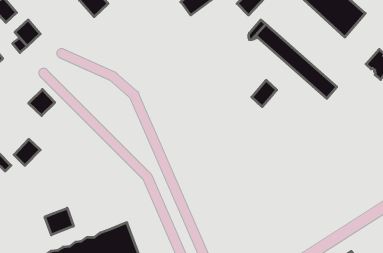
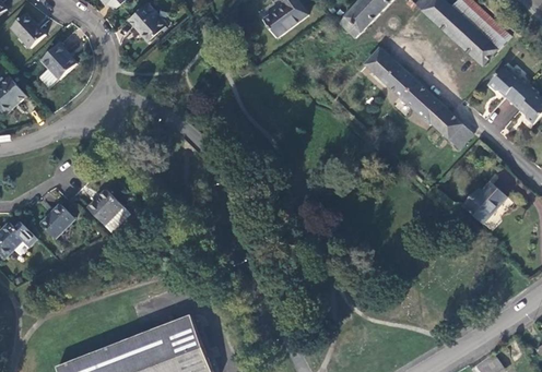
building: none -> [488,64,529,101]
building: [252,80,277,107] -> none
building: [29,89,55,116] -> [87,188,122,223]
building: none -> [463,181,511,227]
building: [45,208,73,235] -> none

